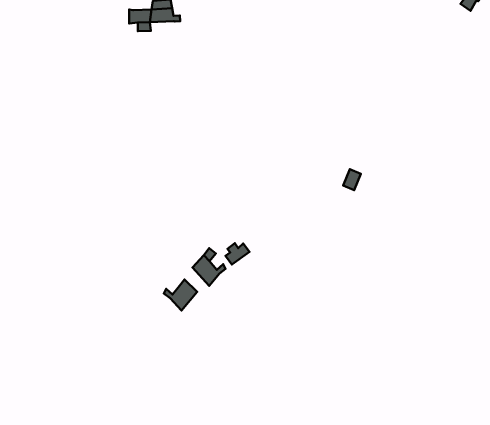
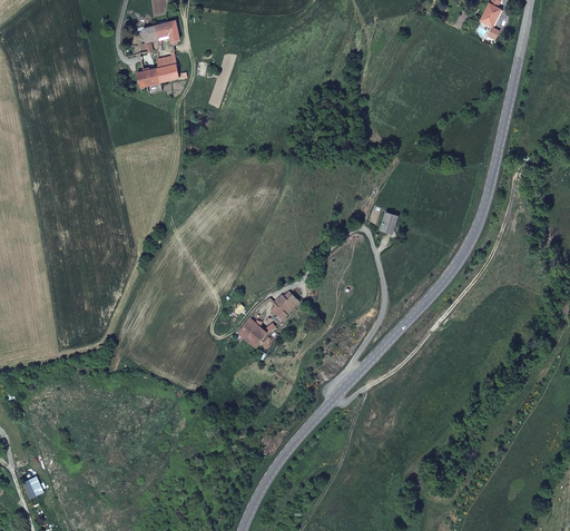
building: [164,279,197,311] -> none

